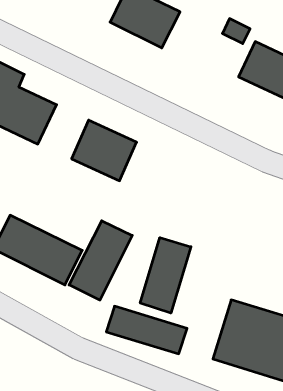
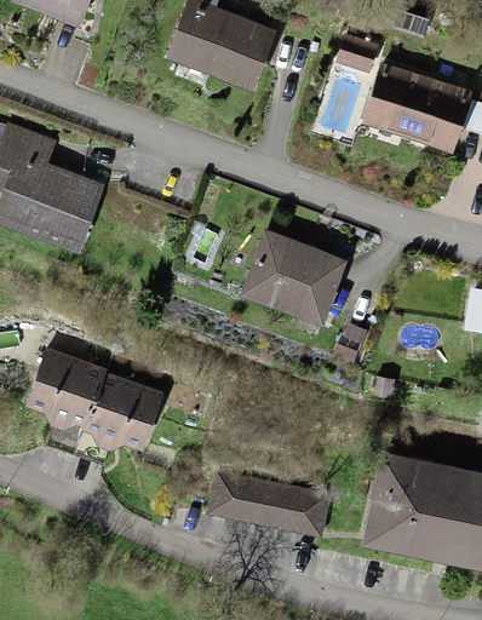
building: [72,120,137,181] -> [246,232,339,317]
building: [69,221,132,300] -> none
building: [140,238,191,313] -> none

